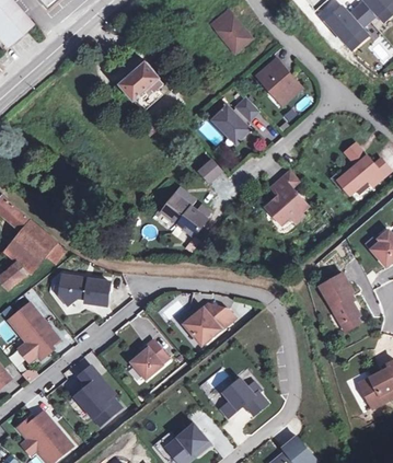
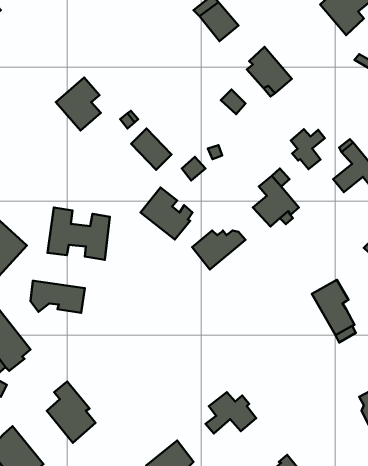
building: [119,61,161,111] -> [56,77,101,131]
building: [212,106,250,144] -> [131,128,171,170]
building: none -> [291,129,325,169]
building: none -> [47,207,110,260]
building: [184,309,233,345] -> [192,231,245,270]
building: [130,340,167,379] -> none

